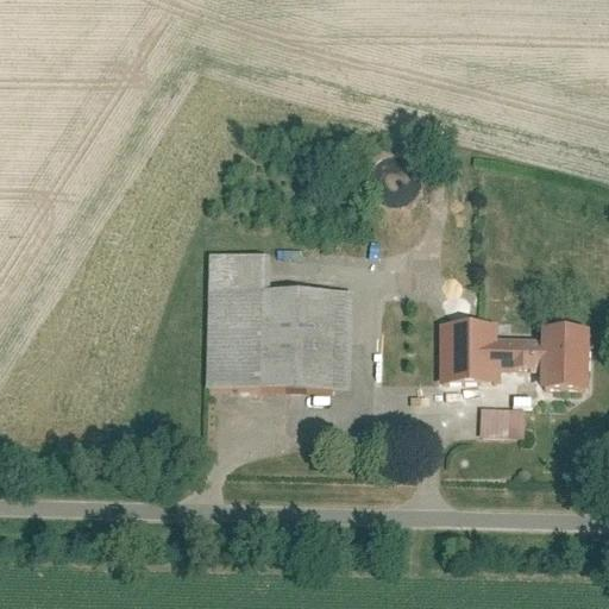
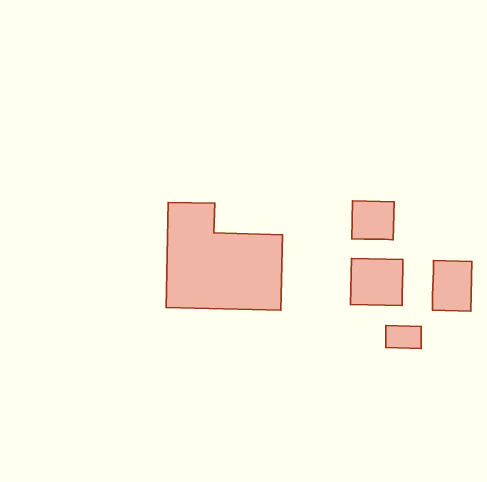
building: none -> [352,201,394,240]
building: [501,337,540,368] -> none

